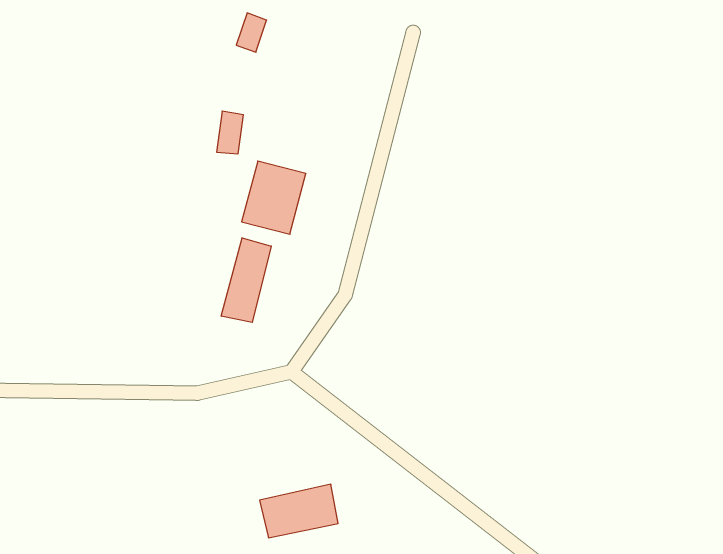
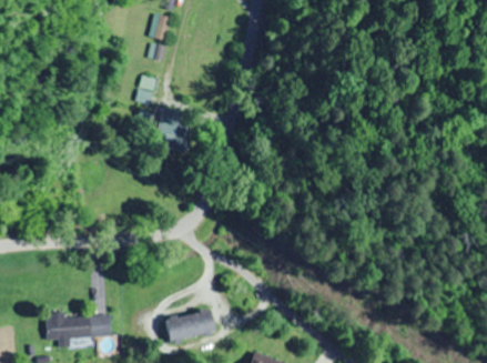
building: [221,238,271,322] -> none
building: none -> [47,312,111,346]

